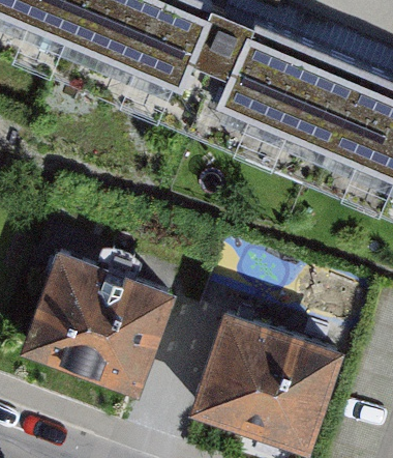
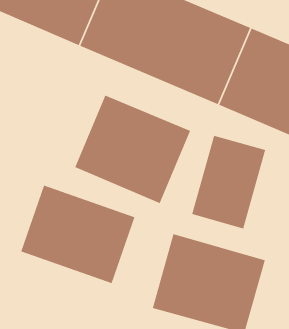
building: none -> [74,95,191,204]
building: none -> [191,135,266,229]

